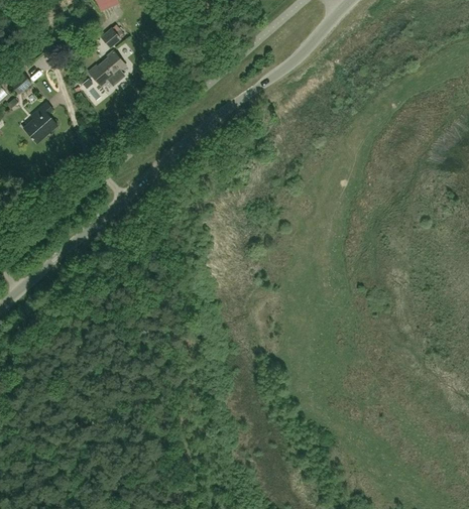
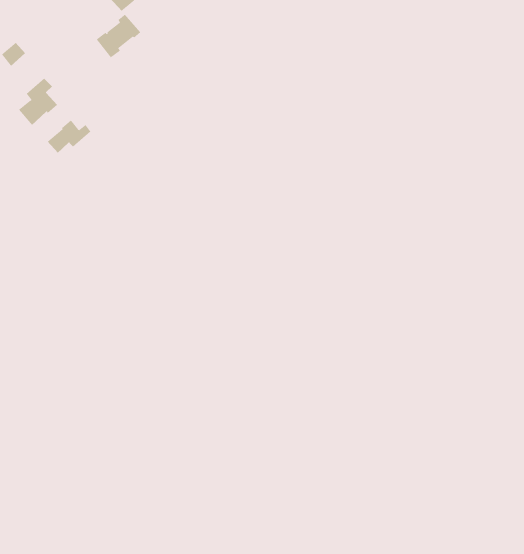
building: none -> [47,120,91,153]

